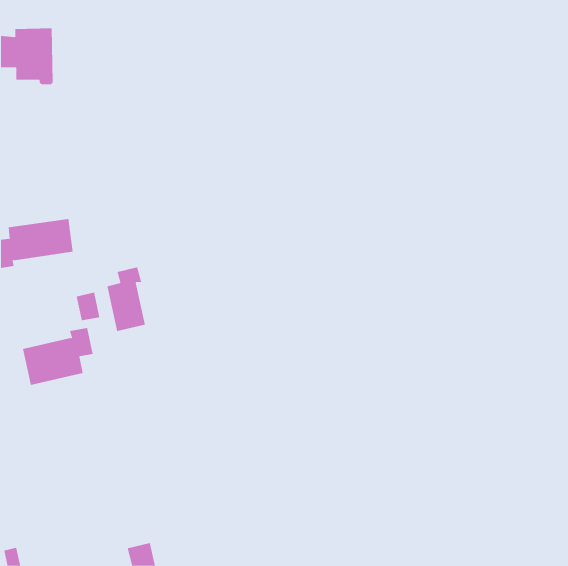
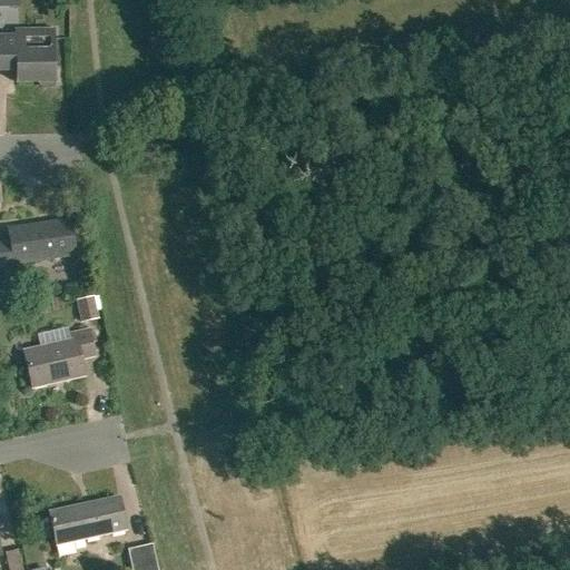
building: [107,266,145,332] -> none
building: none -> [49,494,126,543]

